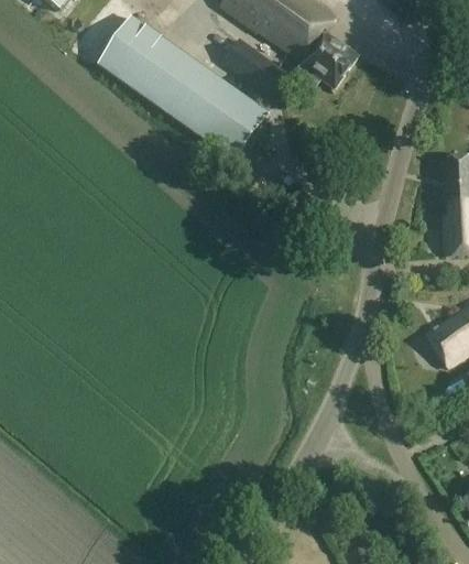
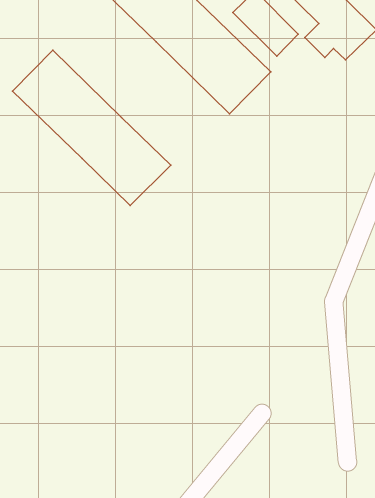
building: none -> [12,50,171,205]

